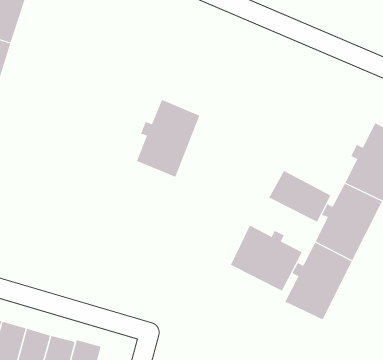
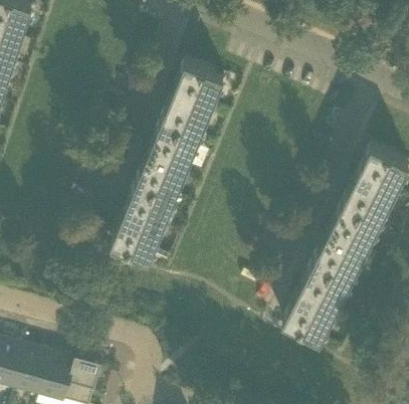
building: none -> [165,58,228,136]
building: none -> [115,181,179,257]
building: [268,170,331,223] -> none
building: [230,225,303,291] -> none

